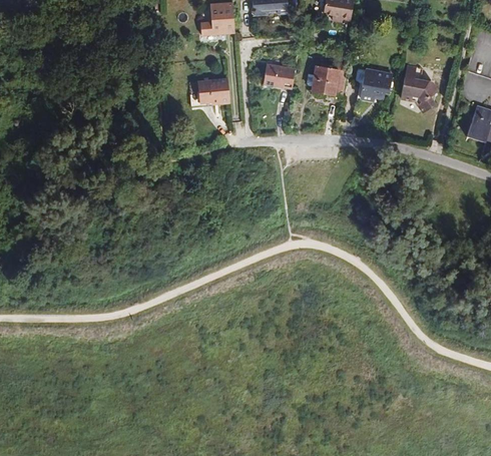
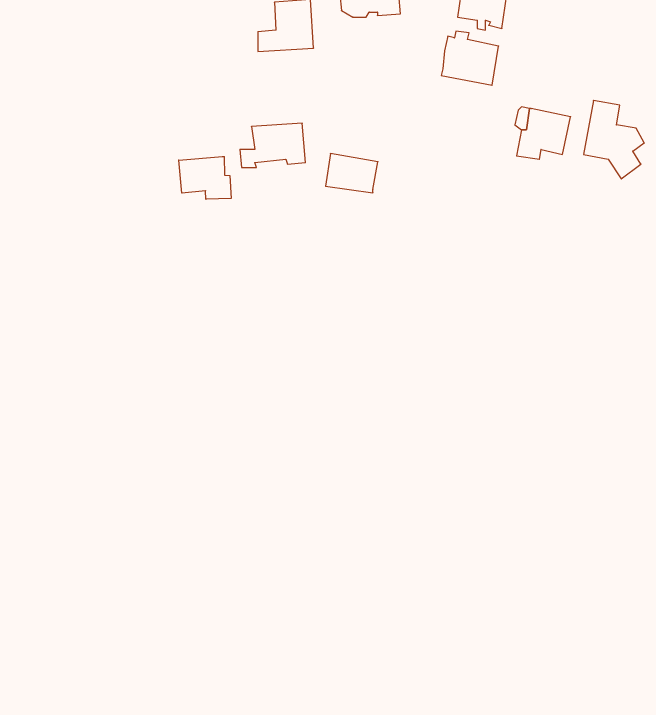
building: [311,62,346,95] -> [441,31,499,85]
building: [263,63,295,87] -> [326,154,378,193]
building: none -> [179,157,231,199]

